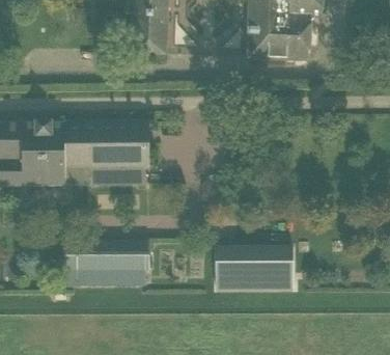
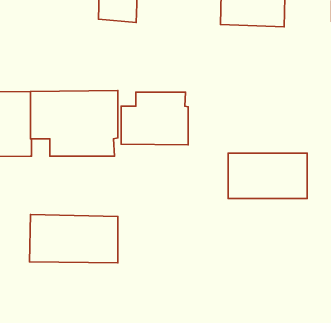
building: none -> [121,92,188,145]
building: [217,246,292,290] -> [228,153,307,198]

